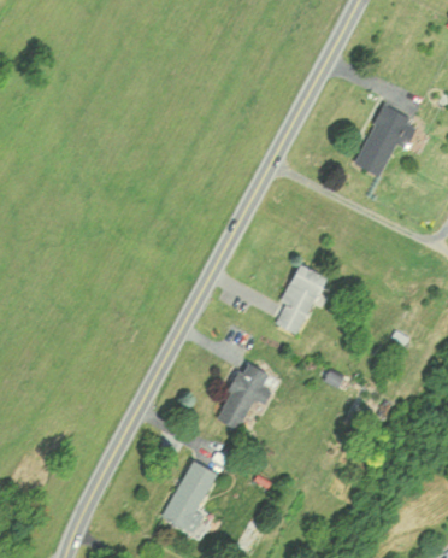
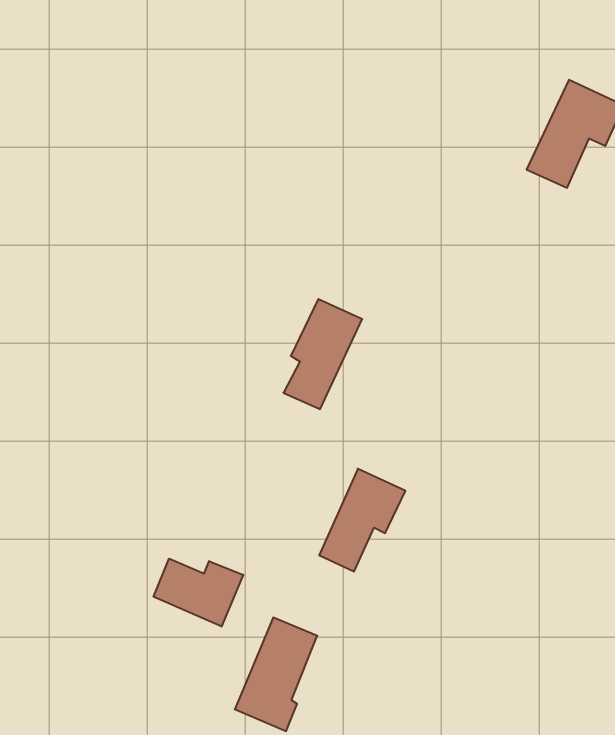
building: [276,264,328,336] -> [283,299,362,409]
building: none -> [154,559,243,627]

